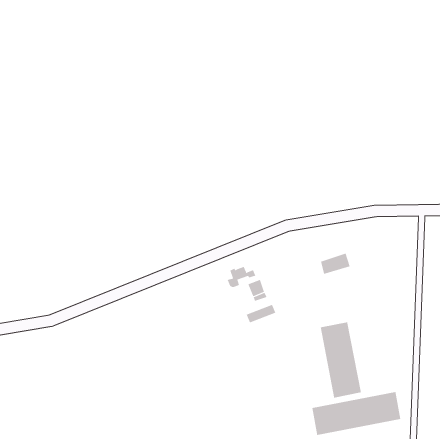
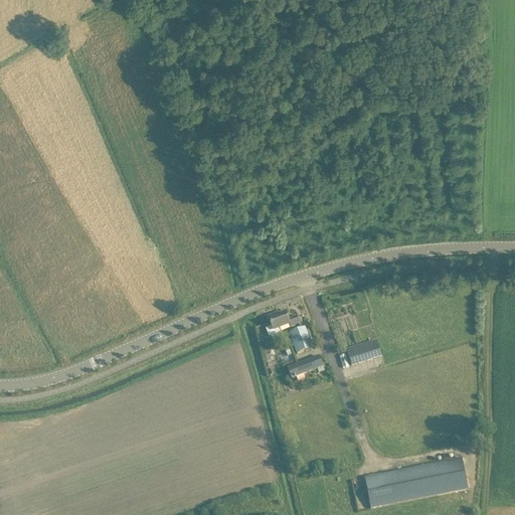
building: [320,253,350,274] -> [346,338,381,363]
building: [320,321,362,398] -> none

